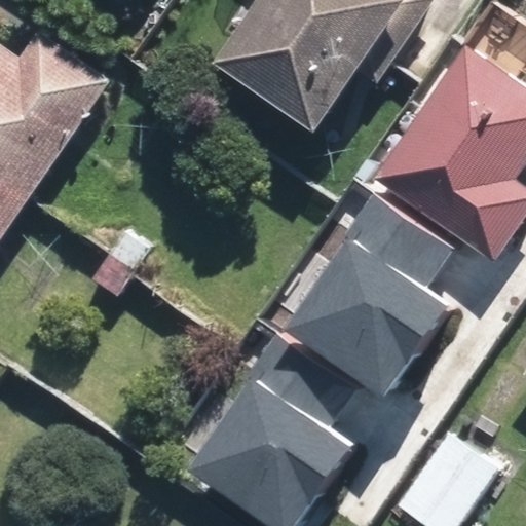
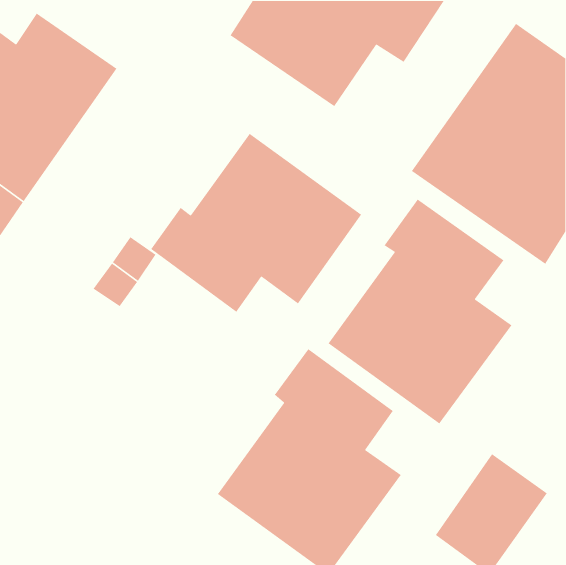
building: none -> [150,133,362,313]

